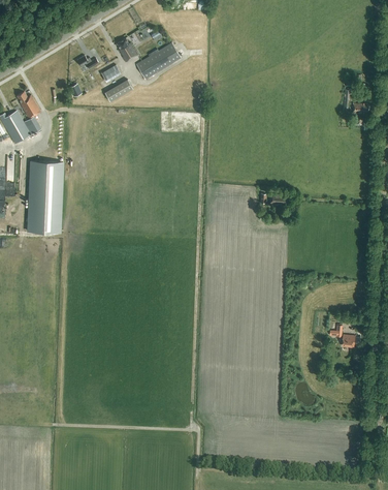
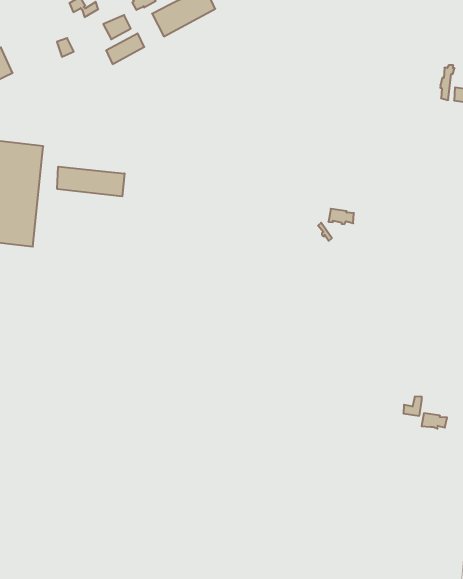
building: none -> [57,167,125,196]

